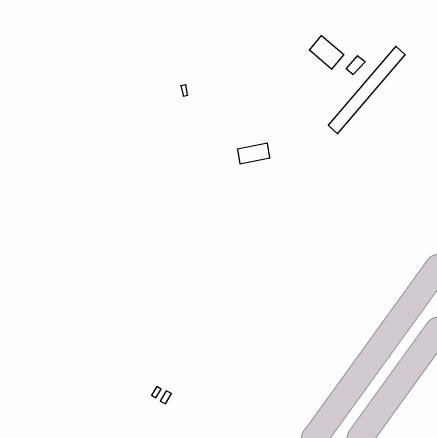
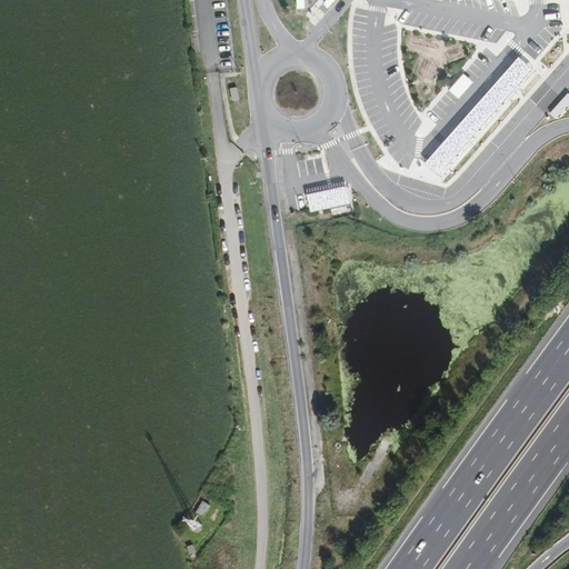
building: [309,36,344,69] -> none

